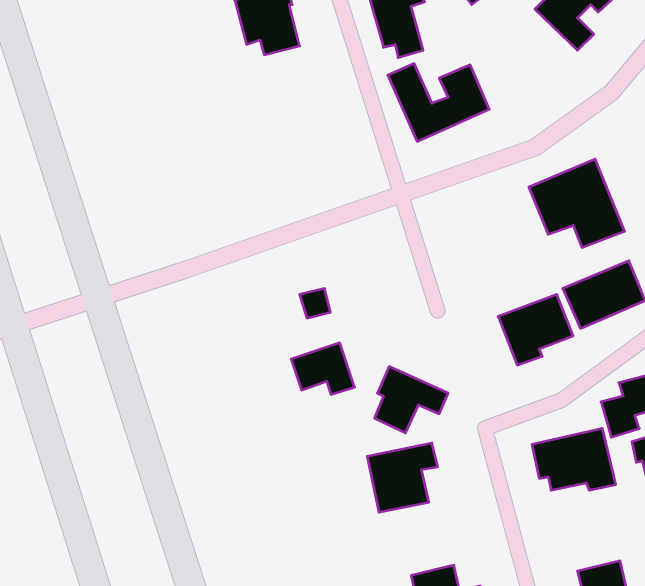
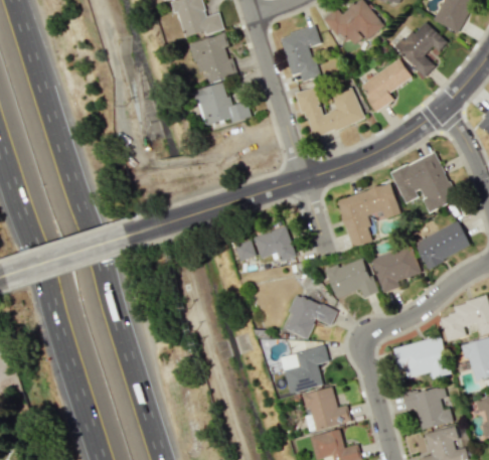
building: none -> [359,59,413,112]
building: none -> [194,83,252,126]
building: none -> [337,183,400,248]
building: none -> [326,258,376,298]
building: [291,343,355,394] -> [254,226,297,262]
building: none -> [402,385,453,430]
building: none -> [302,388,351,432]

